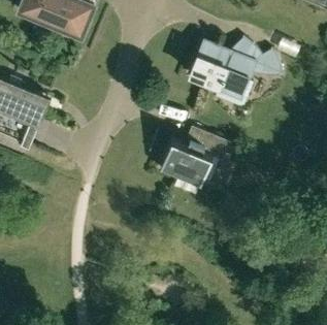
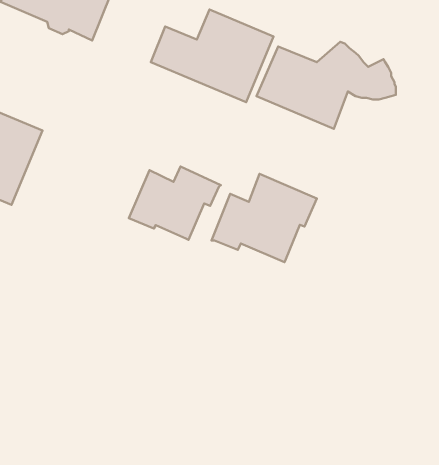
building: none -> [151,9,273,102]
building: none -> [129,166,221,240]

